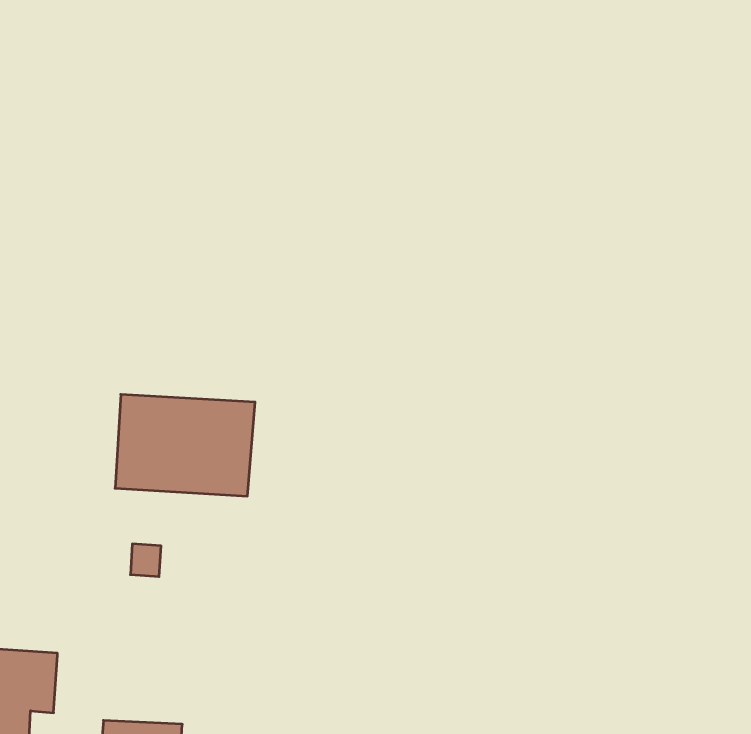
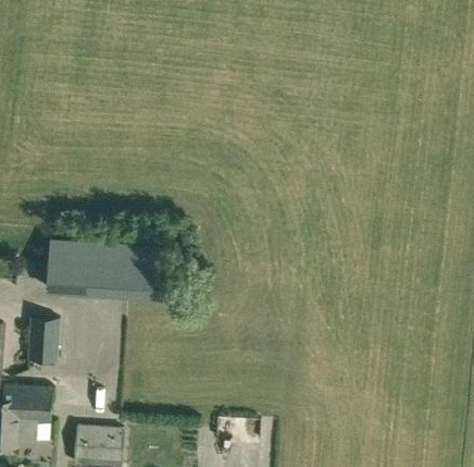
building: none -> [46,238,88,295]
building: none -> [28,318,58,361]

